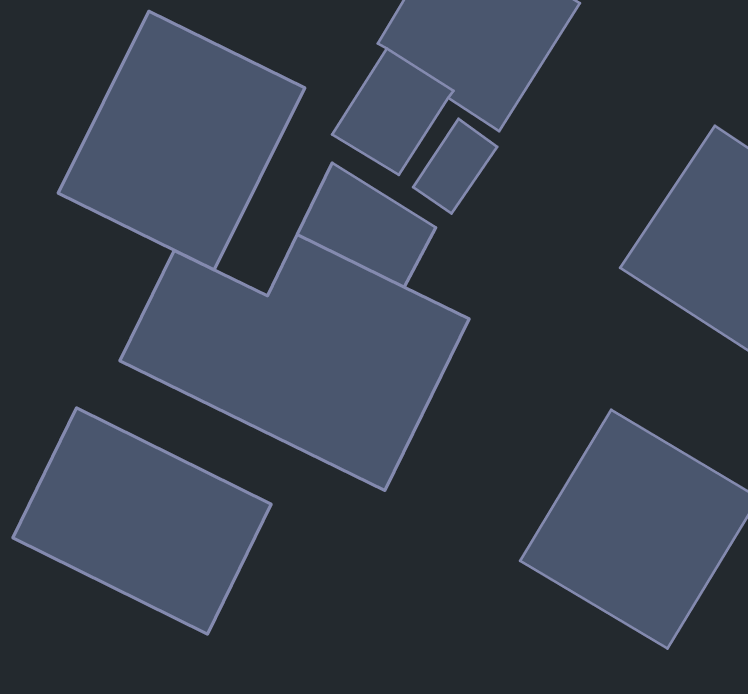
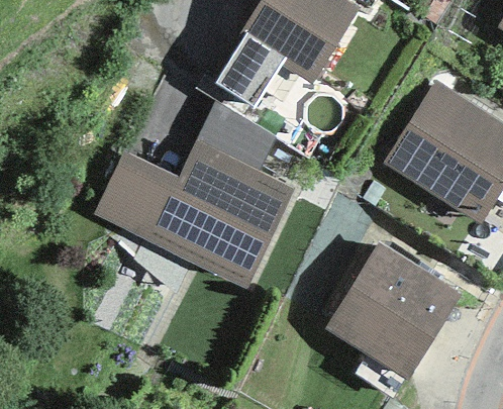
building: [58,11,305,270] -> none
building: [13,408,271,634] -> none

